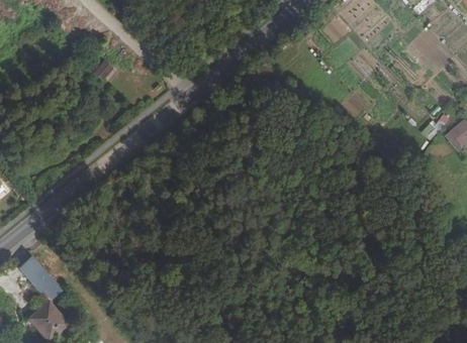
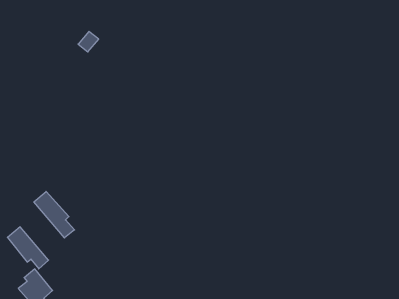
building: none -> [34,191,75,238]

